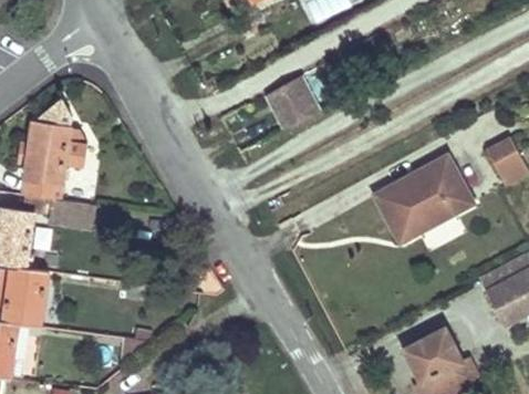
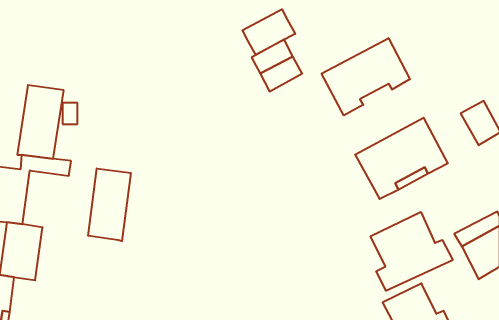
building: none -> [242,9,295,55]
building: none -> [322,38,410,115]
building: none -> [88,168,131,241]
building: none -> [371,212,453,291]

